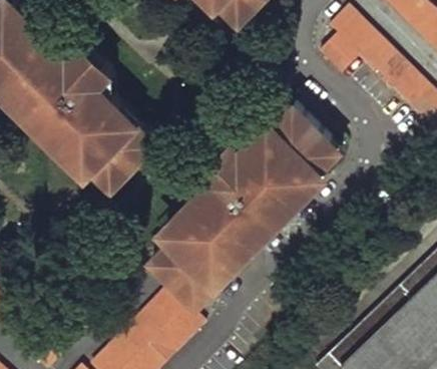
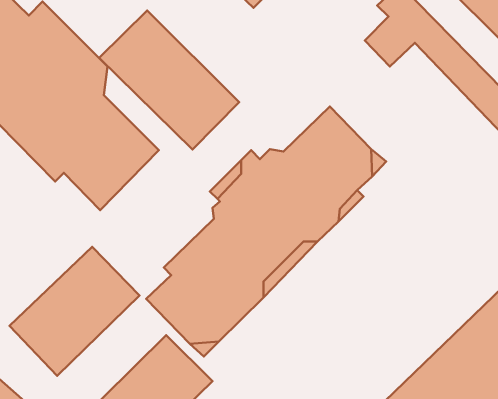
building: none -> [99,10,239,150]
building: none -> [10,247,140,376]

